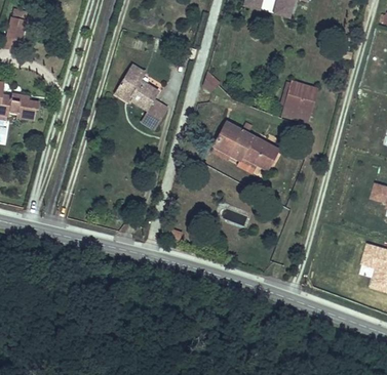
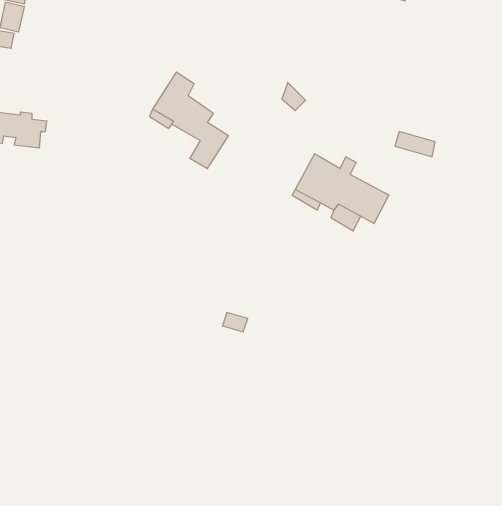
building: [284,80,316,112] -> none

